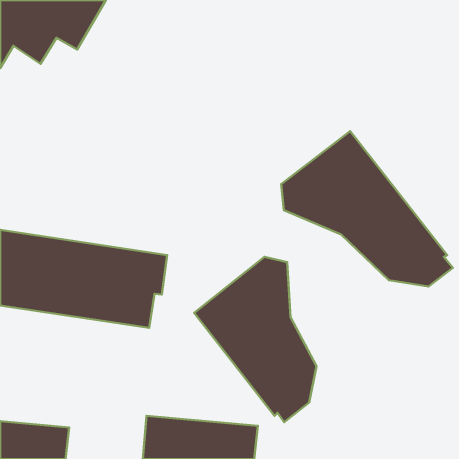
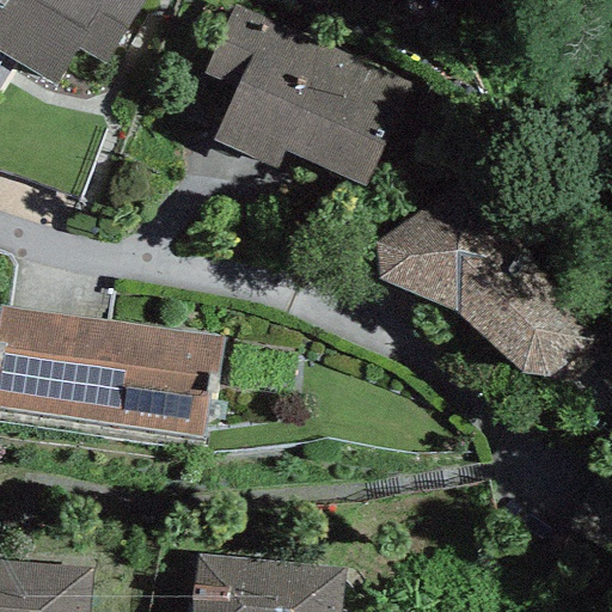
building: none -> [203,5,411,189]
building: [194,257,316,422] -> none

